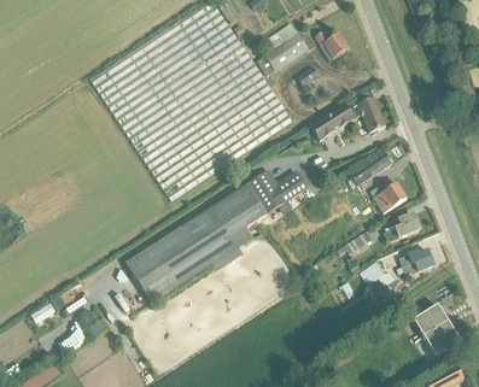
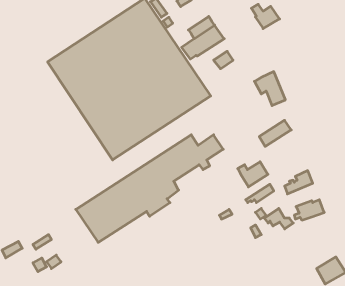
building: [314,30,349,60] -> [251,4,280,29]
building: [309,104,355,141] -> none
building: [369,182,407,213] -> [238,162,268,187]
building: [413,304,448,335] -> none

